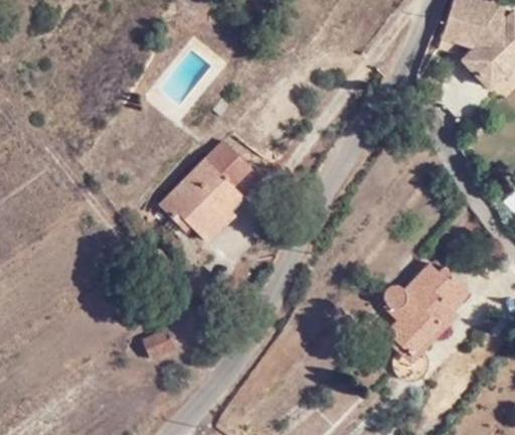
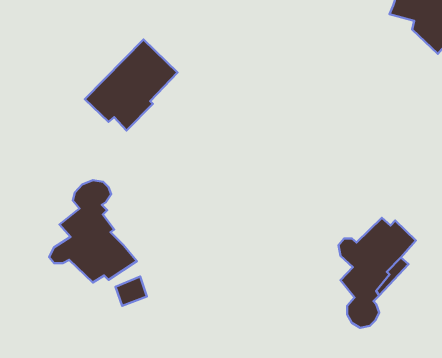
building: [164,141,263,238] -> [85,39,177,130]
building: none -> [49,180,137,282]

